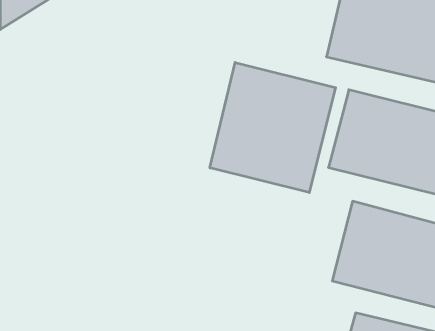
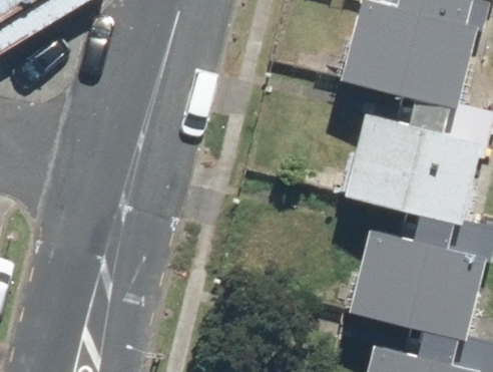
building: [210,62,336,193] -> none

